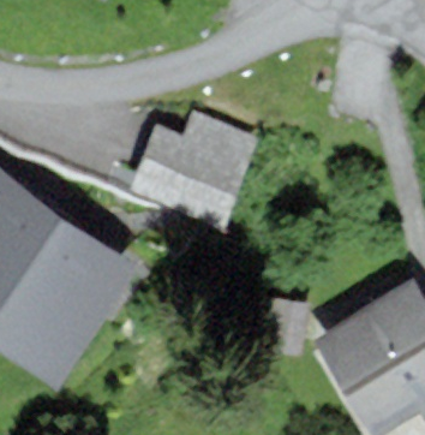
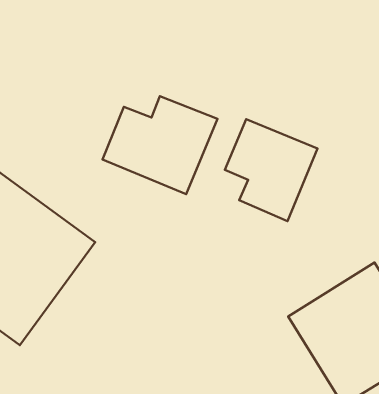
building: none -> [225,119,317,221]

